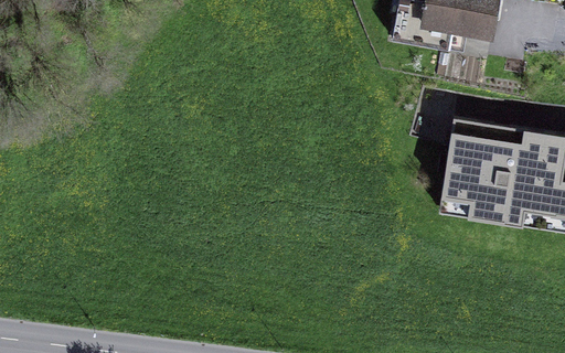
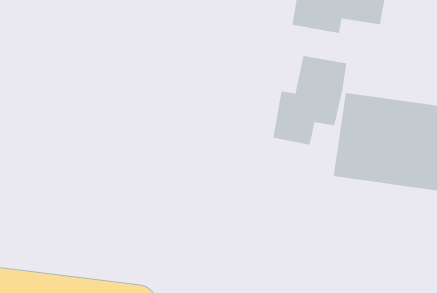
building: none -> [272,55,347,145]

